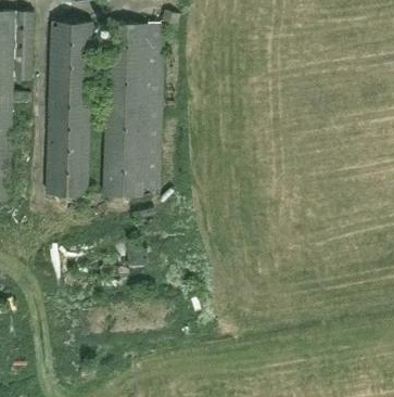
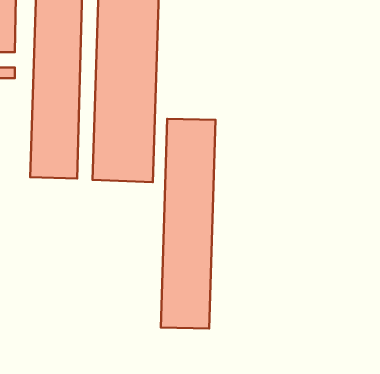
building: none -> [161,119,216,329]

